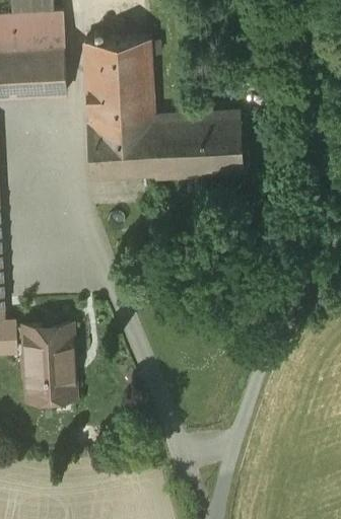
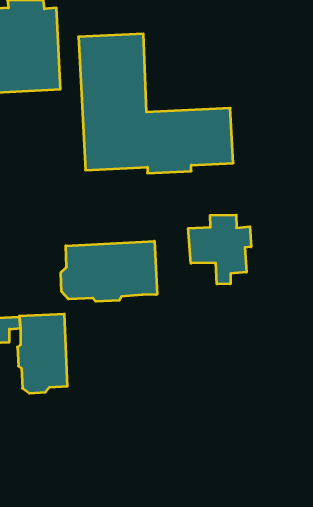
building: none -> [188,215,251,284]
building: none -> [61,241,157,301]

